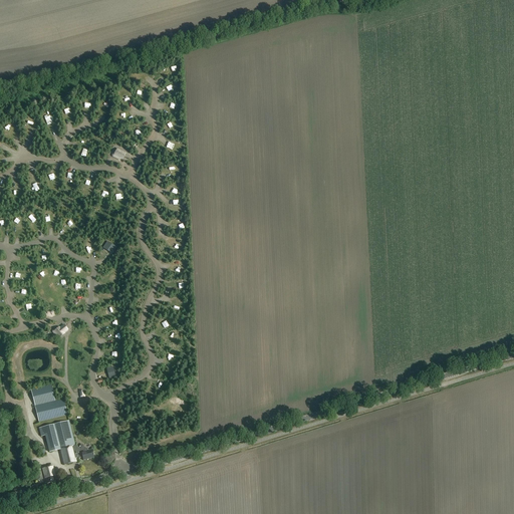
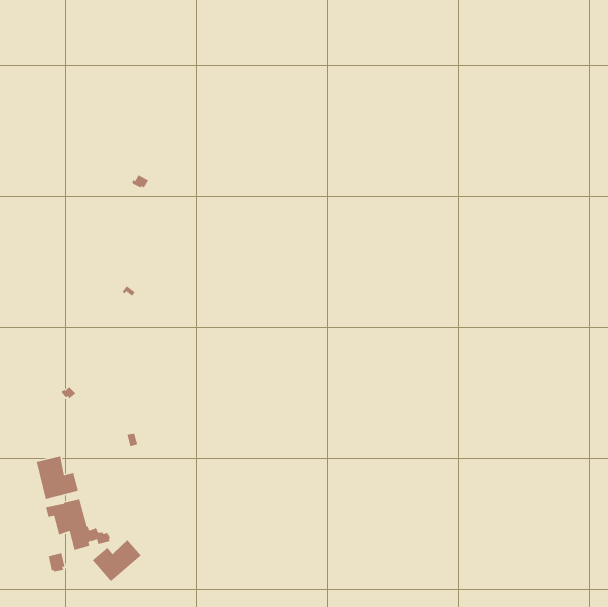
building: none -> [92,539,142,582]

